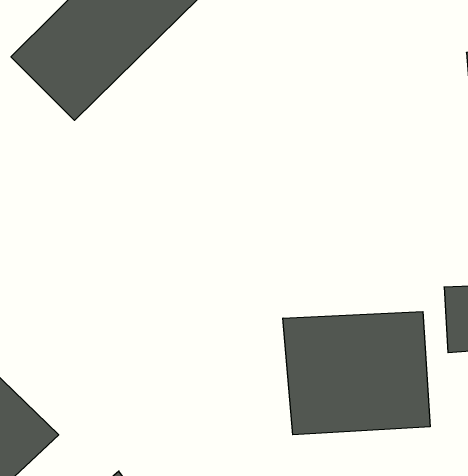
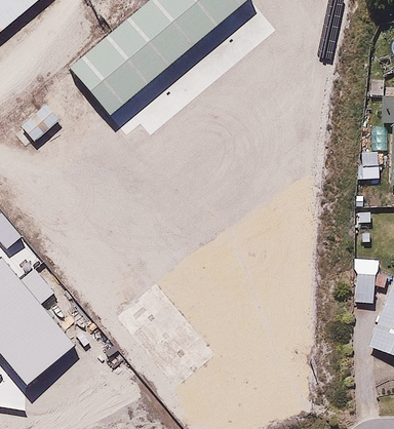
building: [283,312,430,435] -> none

